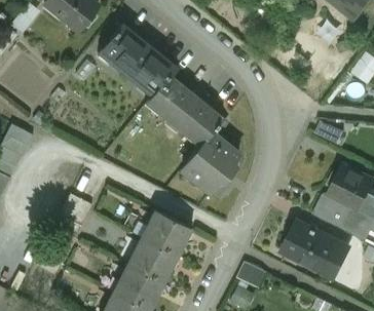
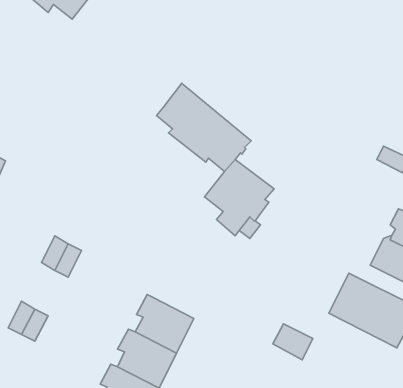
building: [101,26,173,93] -> none
building: [144,209,190,256] -> none

